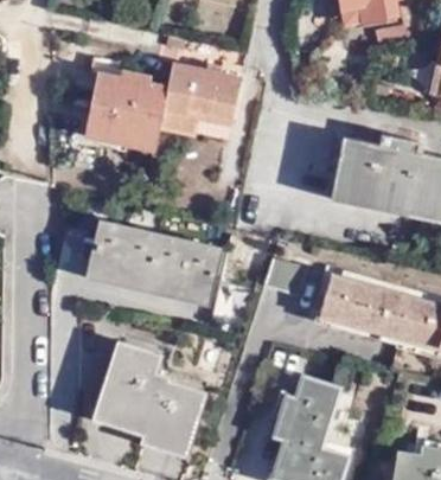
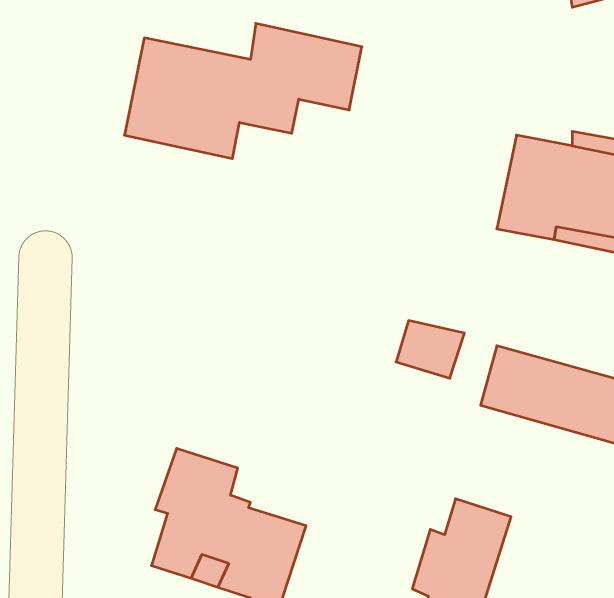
building: [88,222,220,303] -> none

